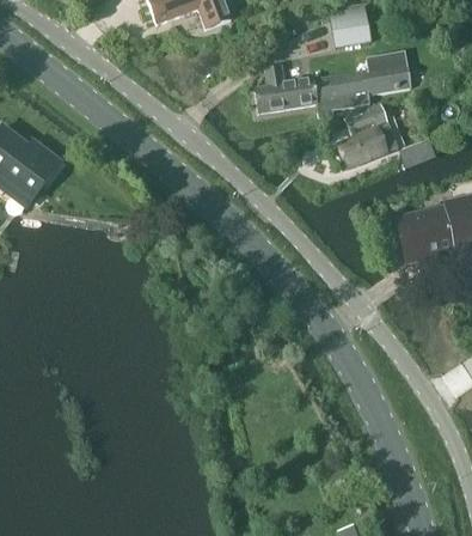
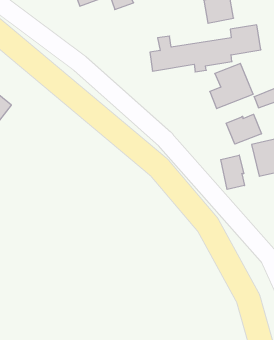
building: none -> [226,114,261,144]
building: none -> [221,155,244,189]

